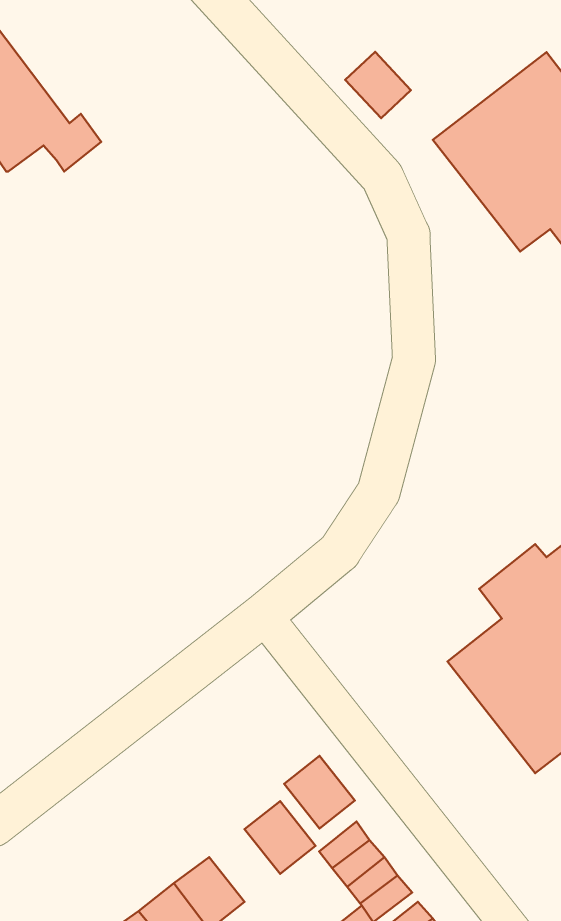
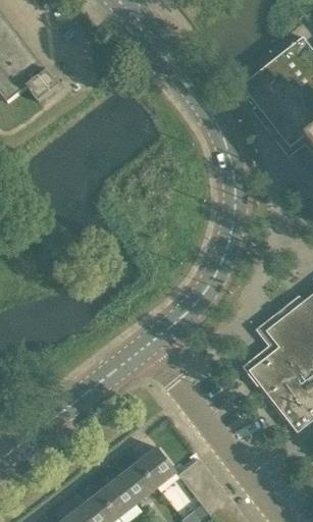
building: [345,52,411,118] -> none
building: [284,756,355,829] -> [117,462,156,502]

